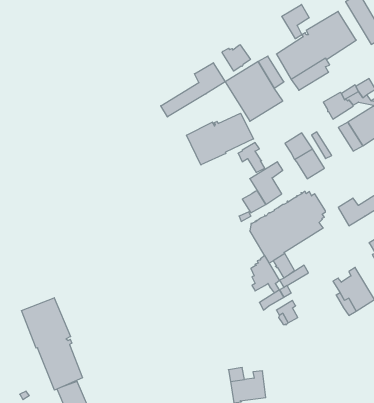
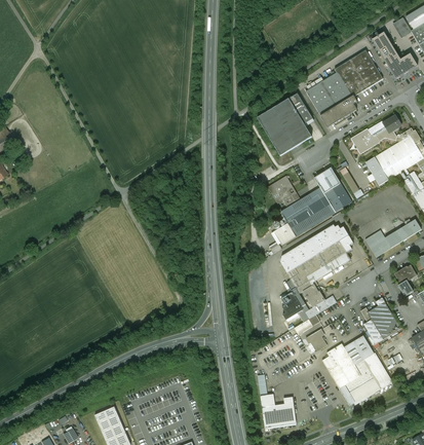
building: [282,4,309,39] -> none
building: [222,45,250,71] -> none
building: [161,63,225,117] -> none
building: [187,113,254,165] -> none
building: none -> [302,195,336,226]
building: [22,298,83,390] -> none
building: none -> [322,337,391,405]

